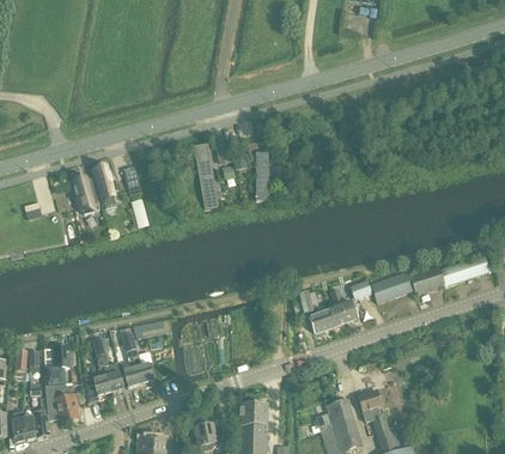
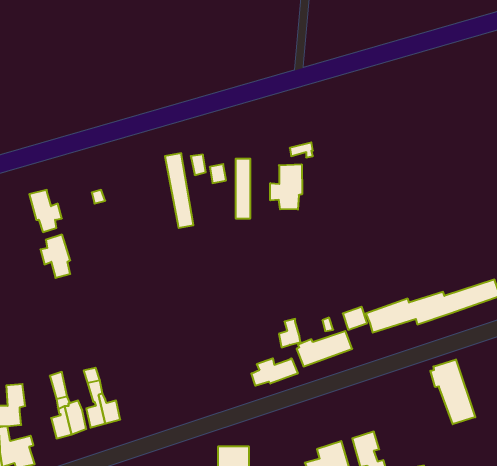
building: none -> [270,164,302,210]
building: [89,164,115,202] -> [40,235,70,278]
building: none -> [251,358,298,386]
building: none -> [430,359,475,424]

